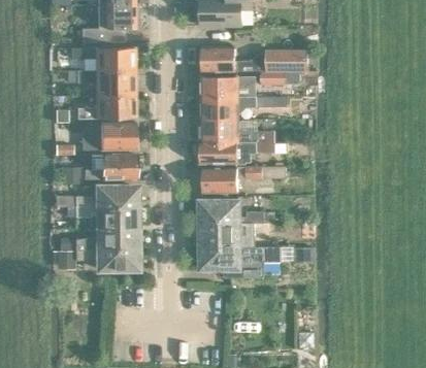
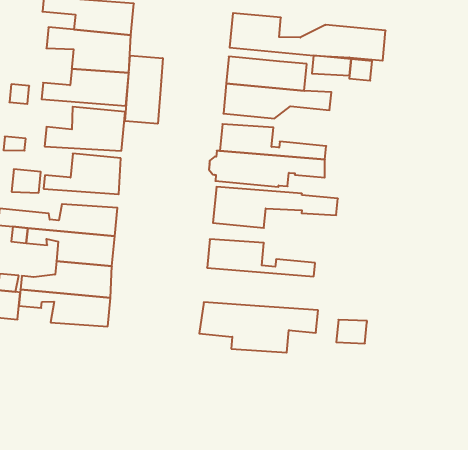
building: none -> [125,56,163,124]
building: [201,222,274,242] -> none

